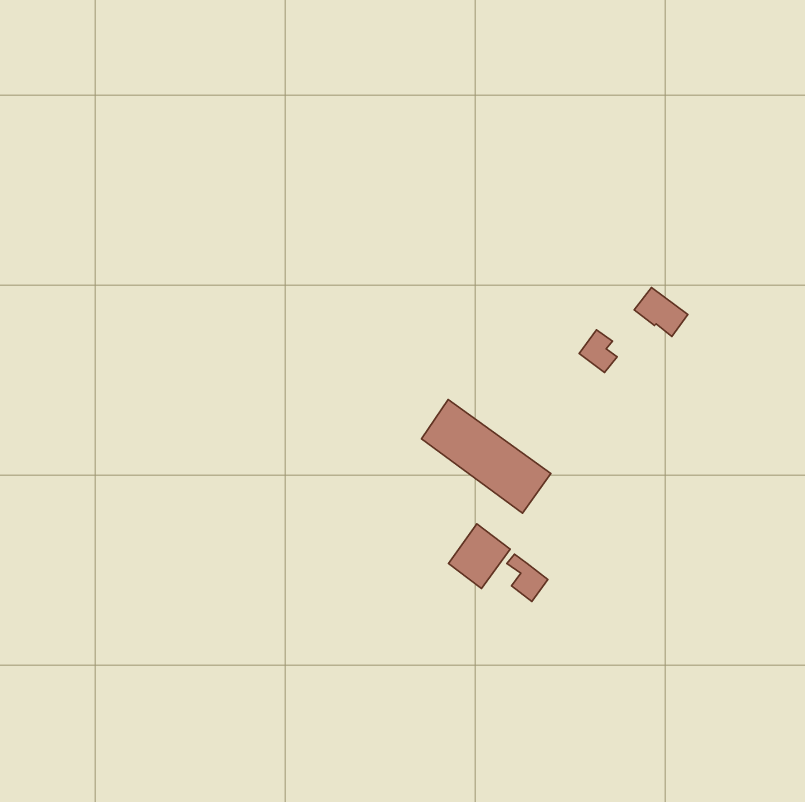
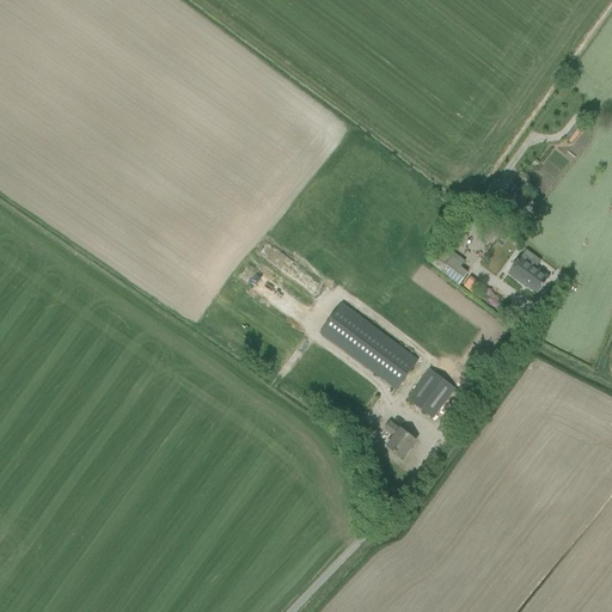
building: [634,288,688,337] -> [509,255,550,292]
building: [448,524,510,589] -> [409,367,455,416]

